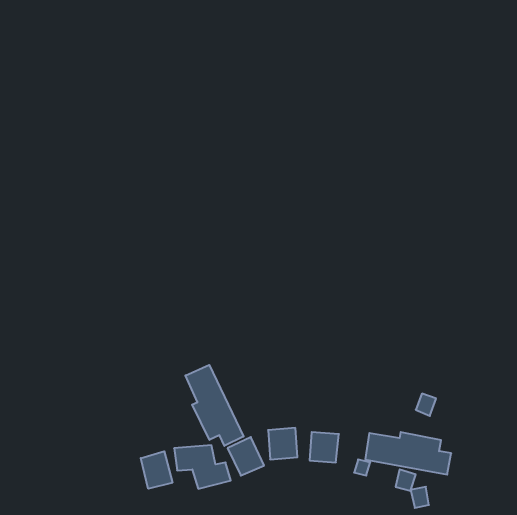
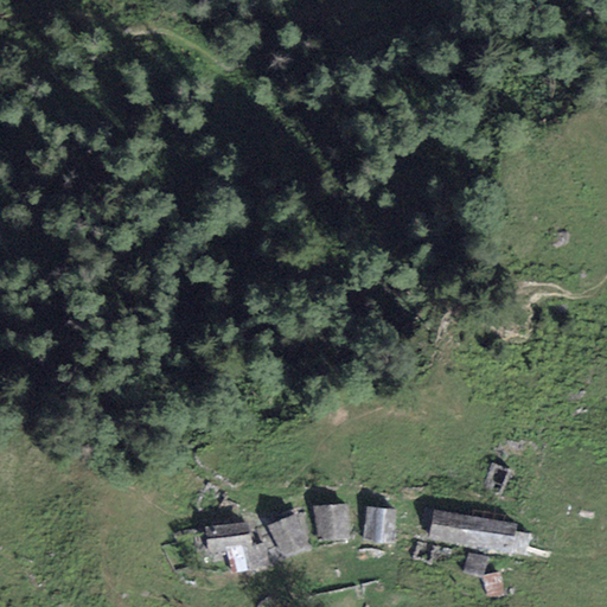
building: [185,365,244,446] -> none
building: [141,451,172,489] -> none

